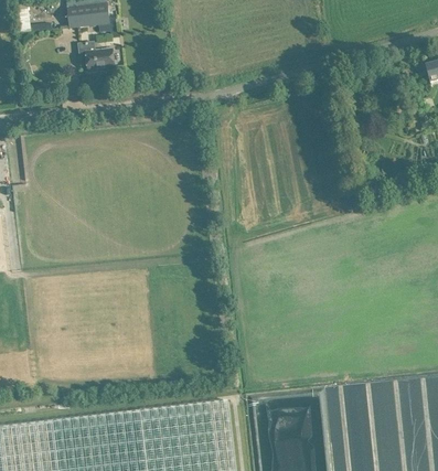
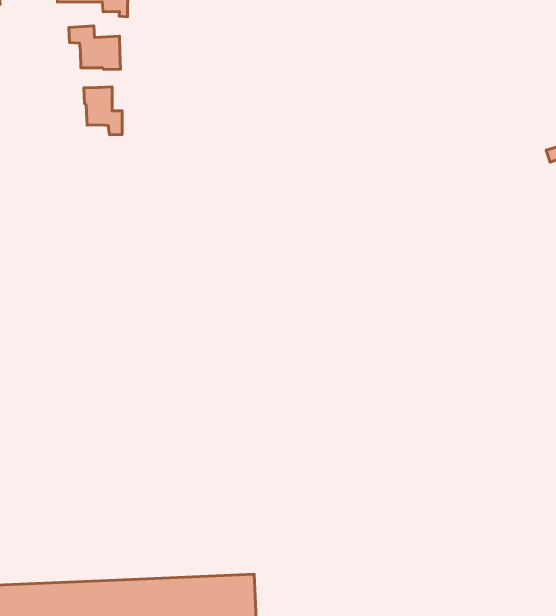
building: none -> [84,87,122,135]

